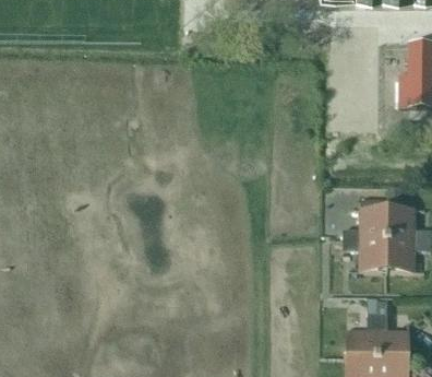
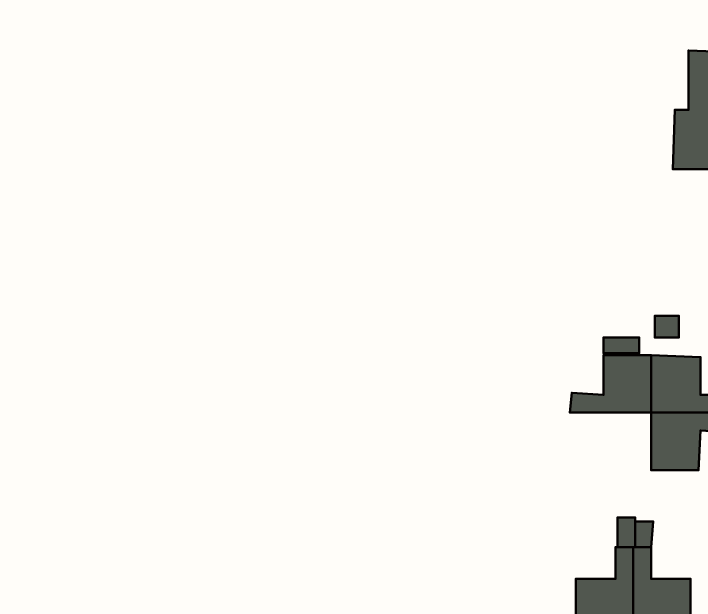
building: [343,238,387,270] -> none

